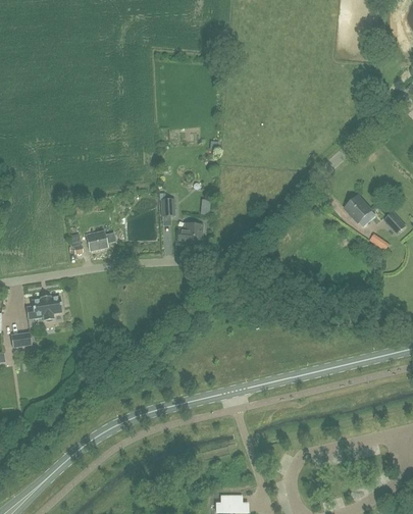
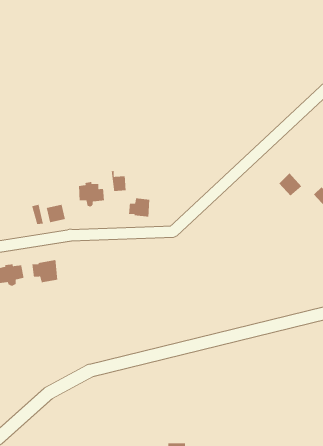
building: none -> [78,181,105,207]
building: none -> [31,259,58,283]

